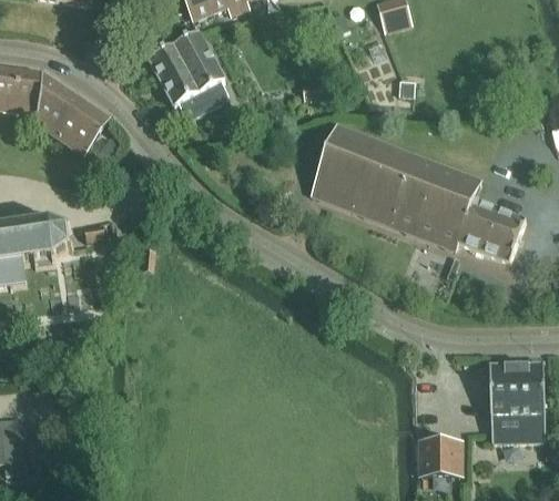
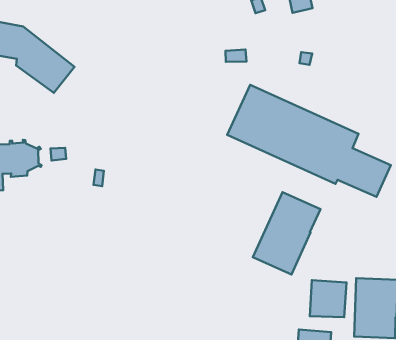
building: [149,31,230,117] -> none
building: none -> [253,192,320,275]
building: none -> [310,280,347,317]

